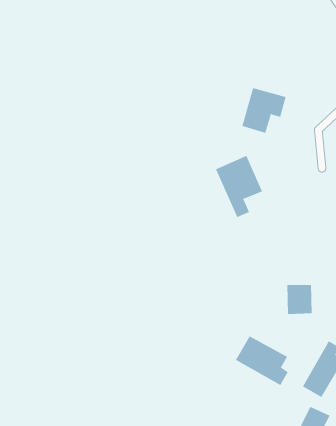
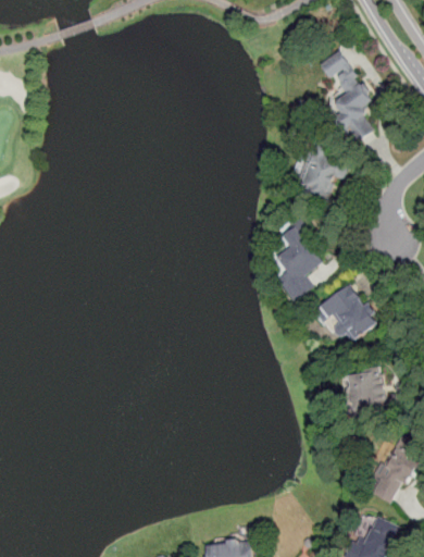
building: none -> [321,54,378,144]
building: none -> [319,284,376,344]
building: [235,335,289,386] -> none

